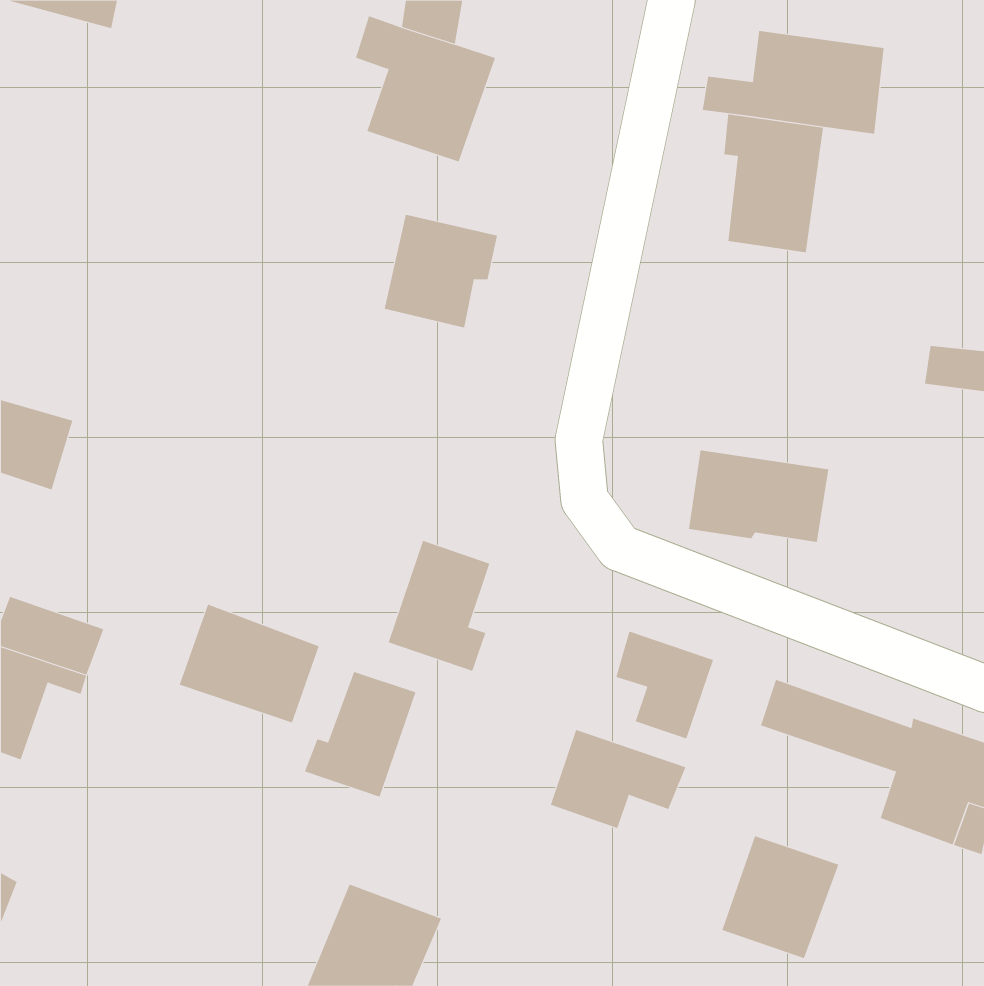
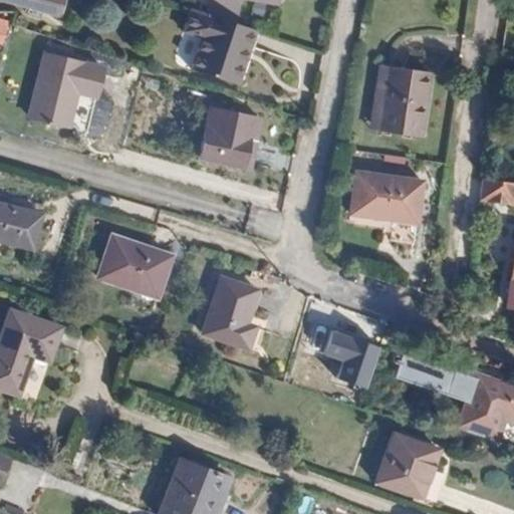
building: [702,30,884,134] -> none
building: none -> [31,55,105,127]
building: [688,450,829,543] -> [351,168,425,216]
building: [179,604,320,723] -> [97,235,171,297]
building: [304,671,416,798] -> none
building: [550,729,686,829] -> none

